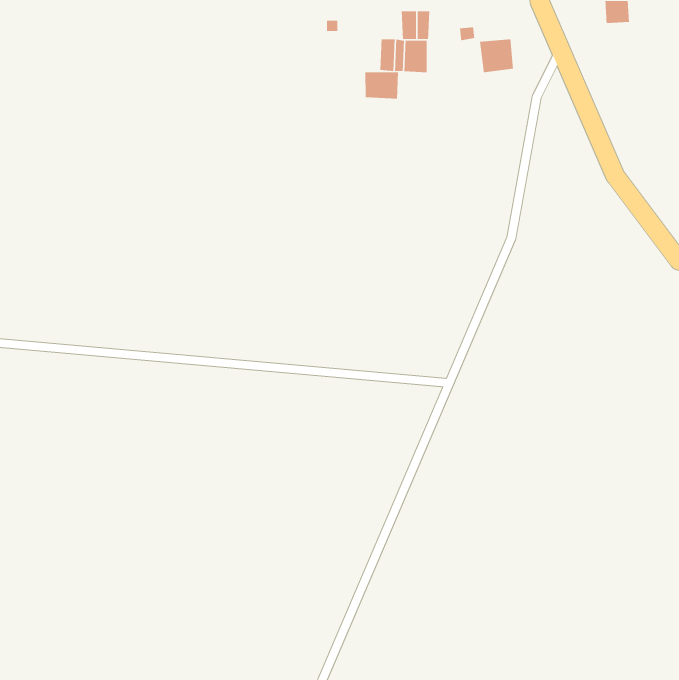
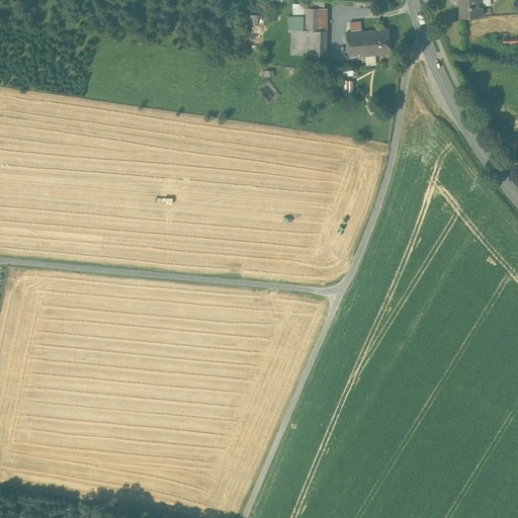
building: none -> [346,31,367,58]
building: [364,72,399,99] -> none

